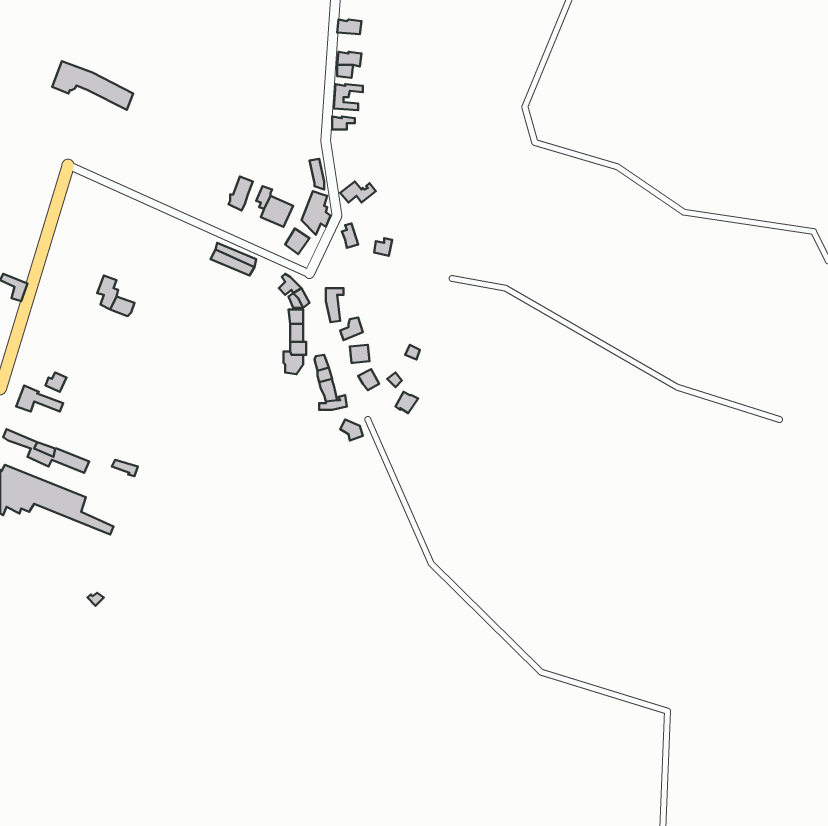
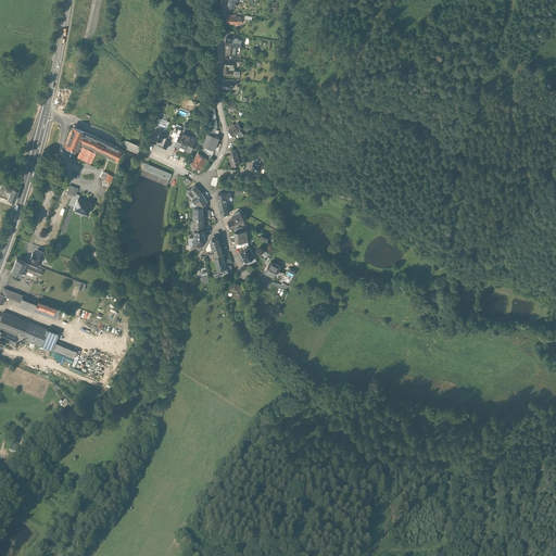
building: [52,61,133,110] -> [66,128,121,161]

